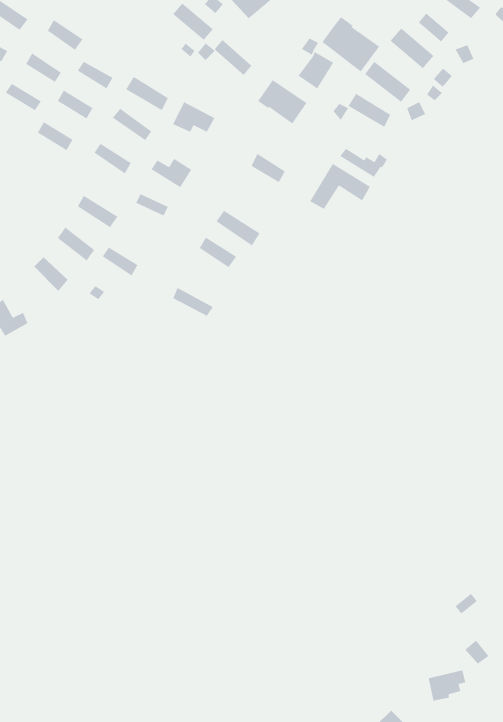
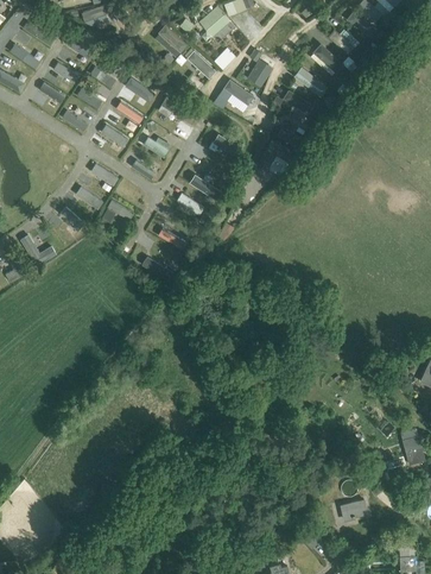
building: [321,16,380,73] -> none

